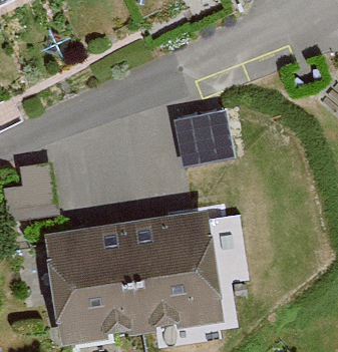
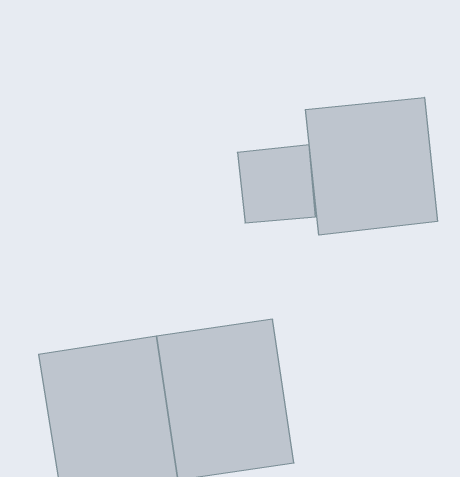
building: none -> [305,97,437,235]

